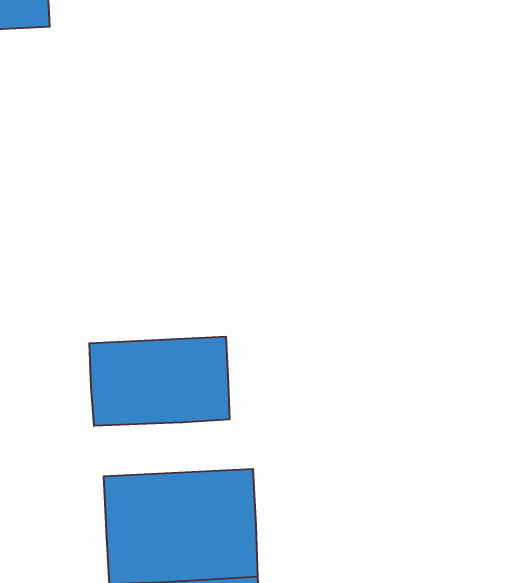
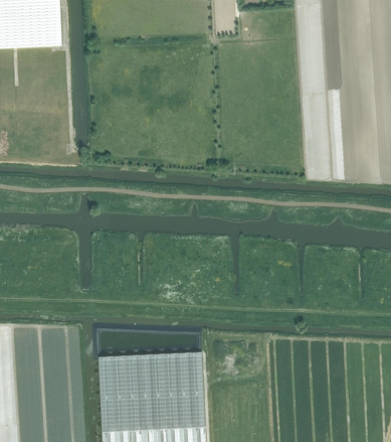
building: [89,337,229,426] -> none

